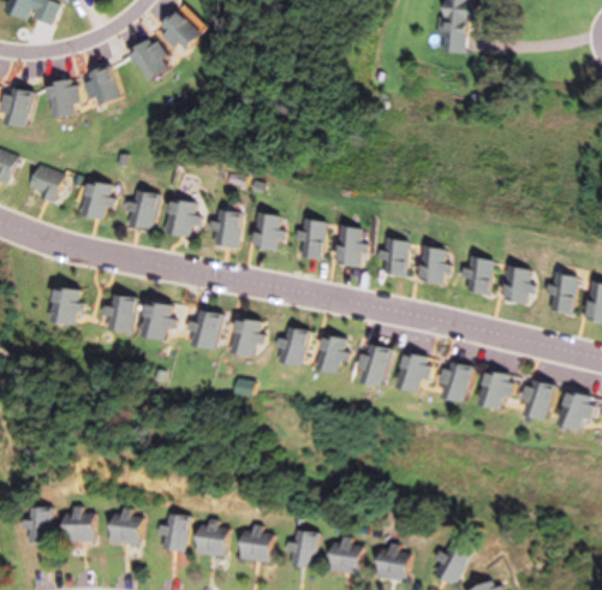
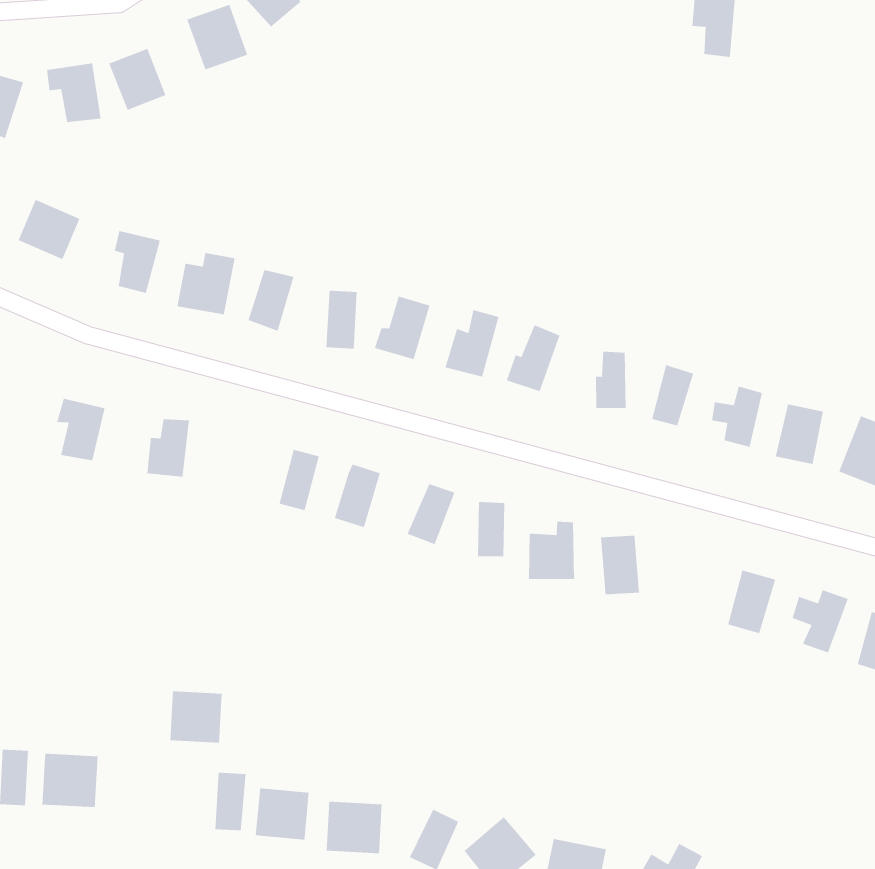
building: [145,304,171,339] -> none
building: [436,363,470,403] -> none
building: [108,511,139,542] -> [169,691,222,744]

